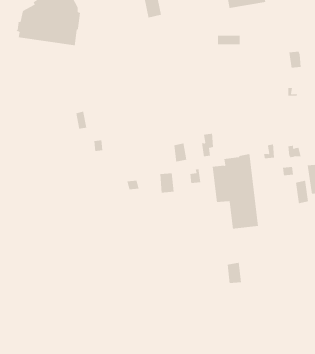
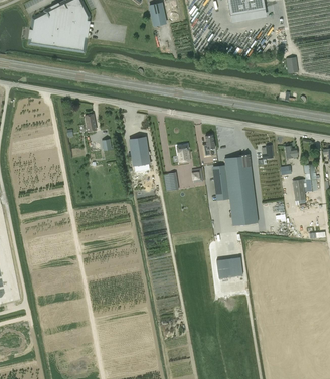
building: none -> [130,137,149,164]

